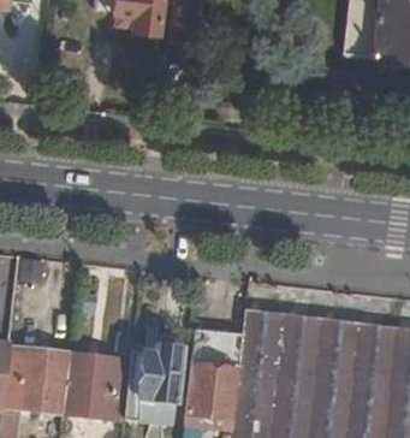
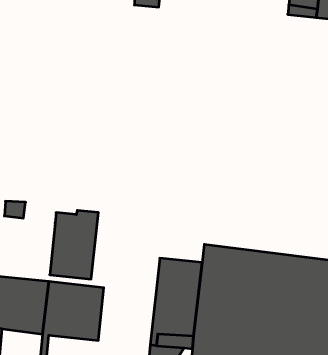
building: [127,344,183,422] -> [50,210,98,279]

